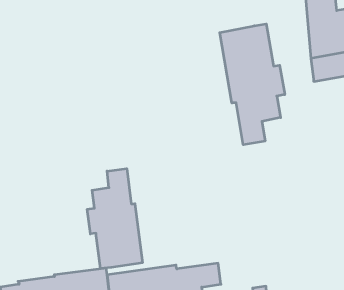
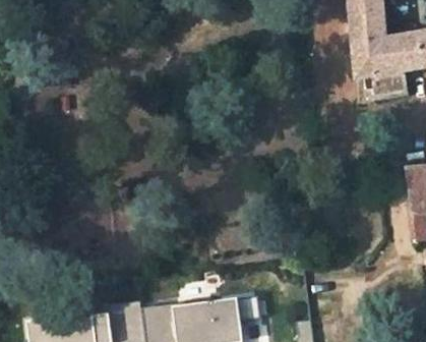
building: [220,24,285,145] -> none
building: [87,169,142,269] -> none

